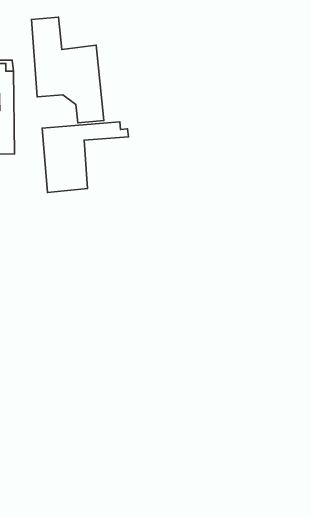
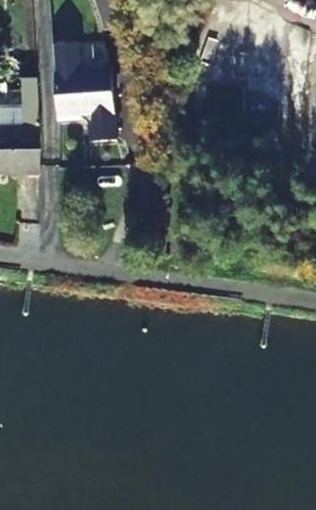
building: [42,122,128,192] -> none

